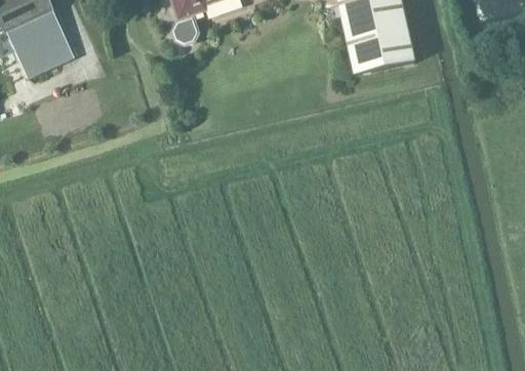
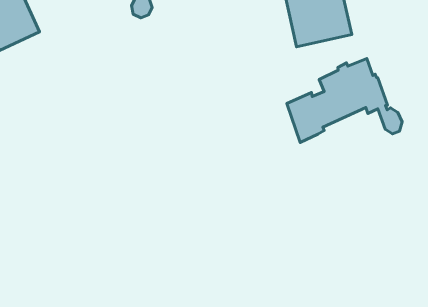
building: none -> [287,58,402,142]

